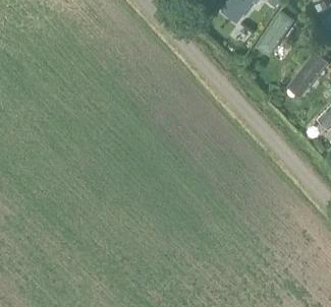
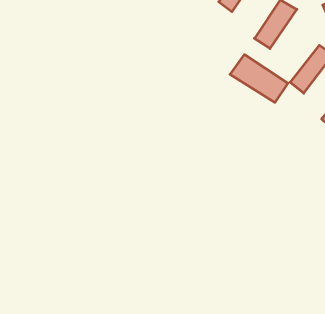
building: none -> [230,55,288,102]

